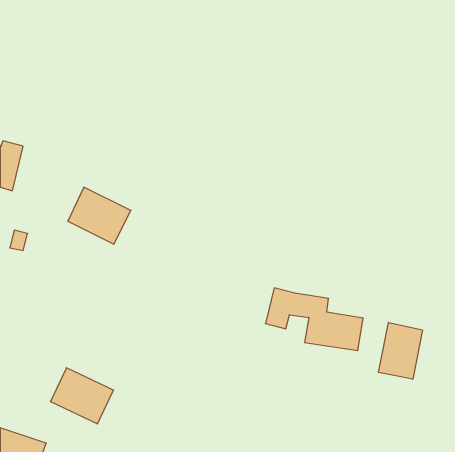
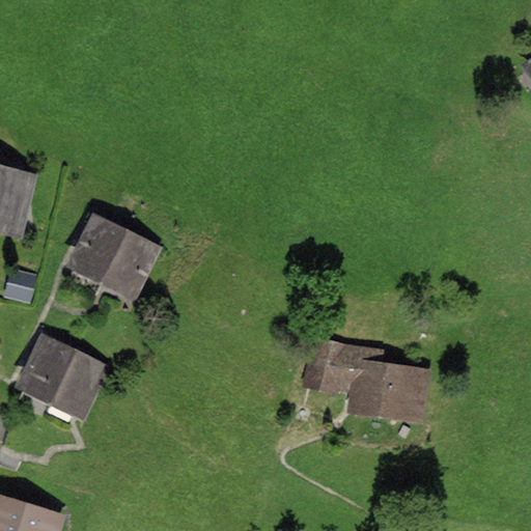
building: [378,322,422,379] -> none
building: [50,368,114,424] -> [27,342,101,408]

